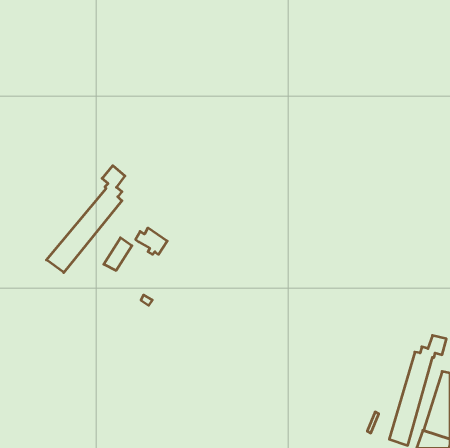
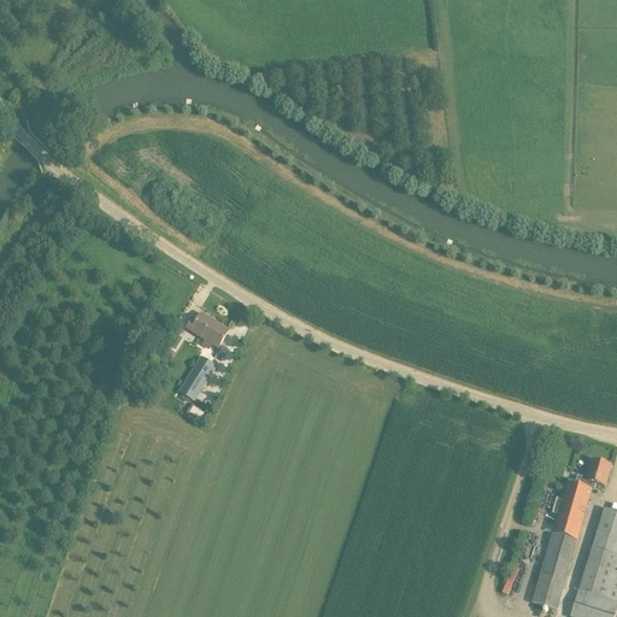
building: [46,166,125,273] -> none
building: [104,238,132,270] -> [178,355,217,400]

